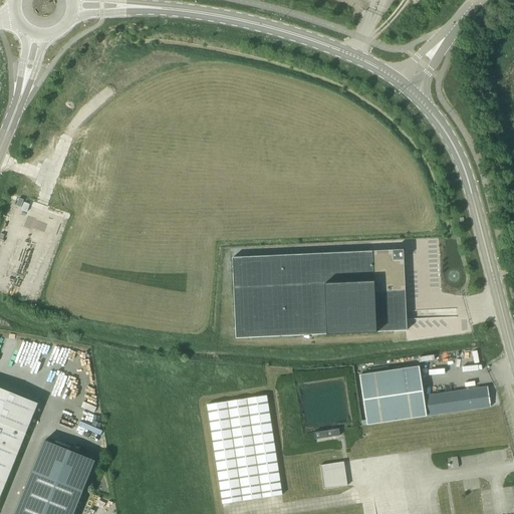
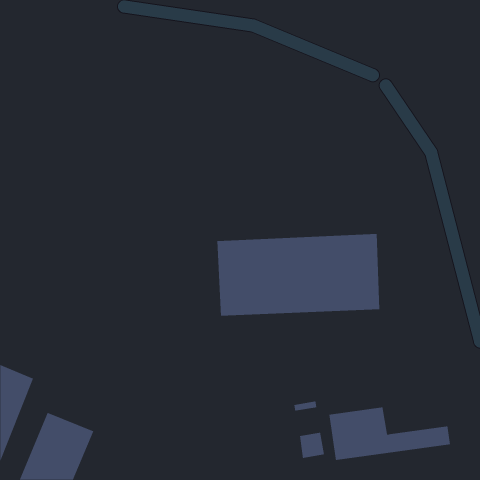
building: [359,366,490,424] -> [329,407,451,461]
building: [206,396,281,504] -> none

